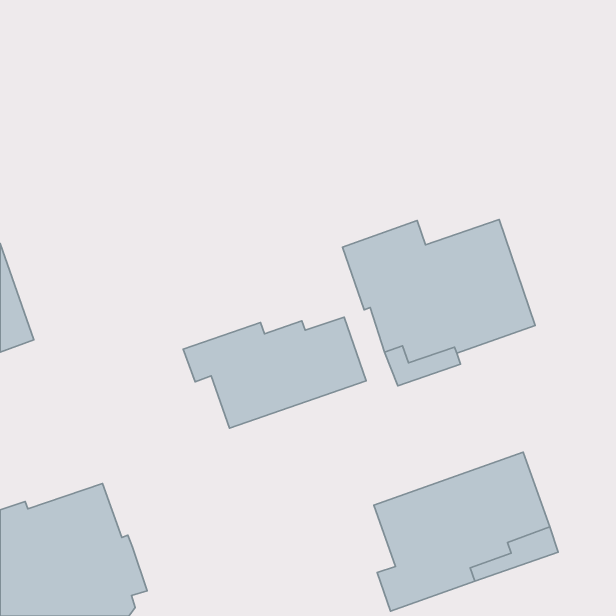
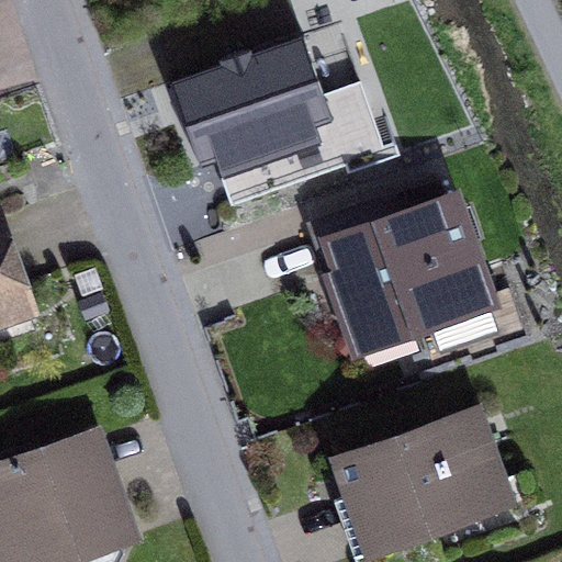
building: none -> [172,37,387,198]
building: [183,317,366,428] -> none

